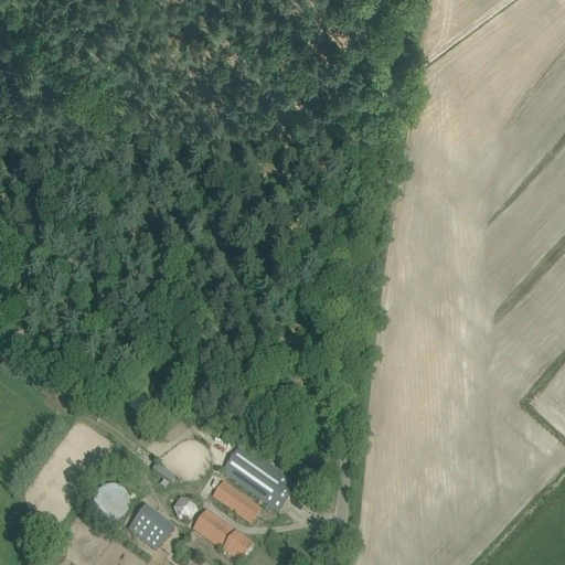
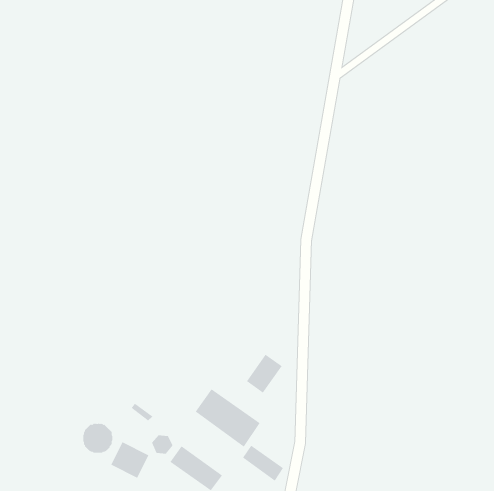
building: none -> [246,354,282,393]
building: [213,479,260,521] -> [242,445,284,482]

